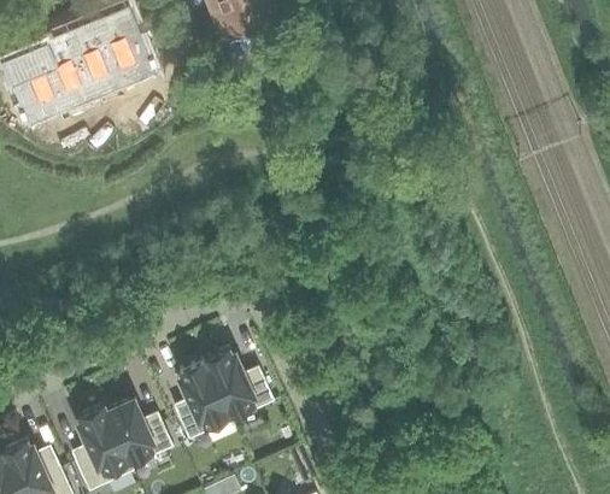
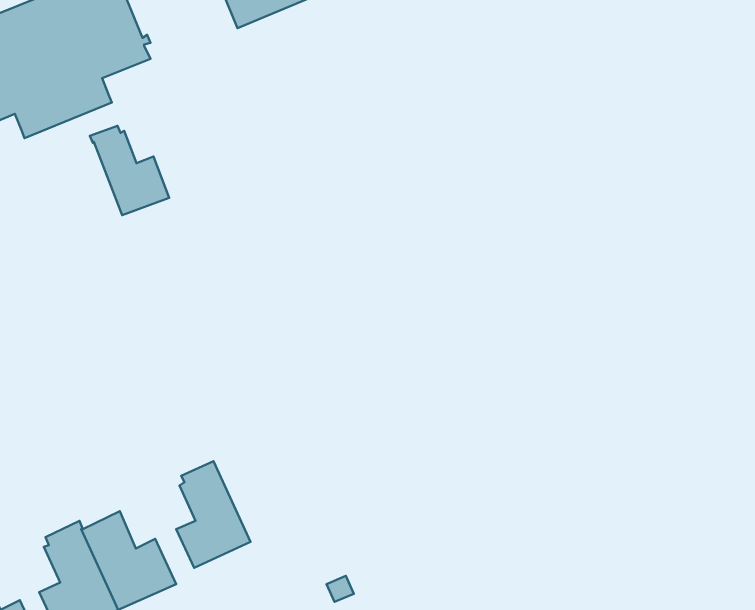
building: none -> [90,126,169,215]
building: [203,346,272,418] -> none

